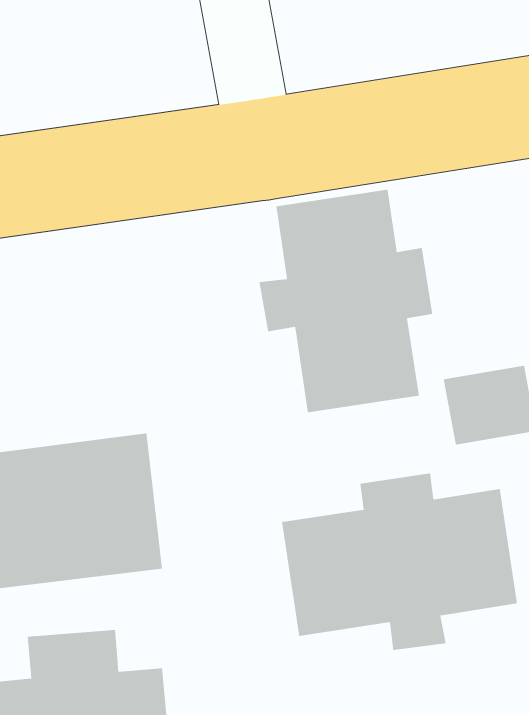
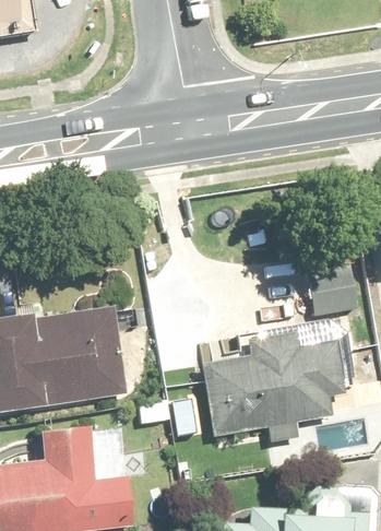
building: [259,189,433,413] -> none

